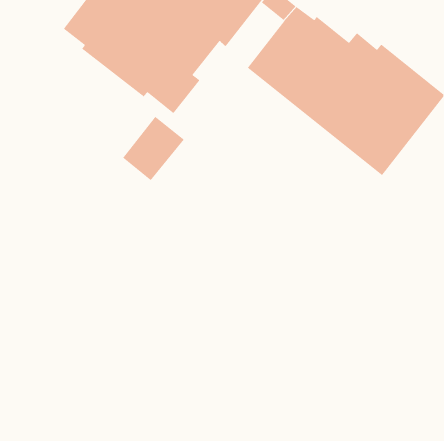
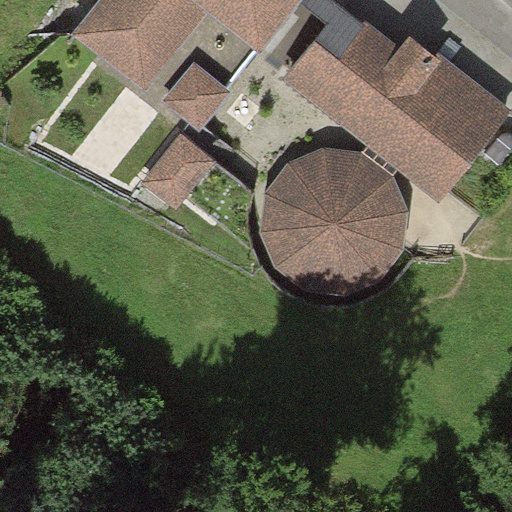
building: none -> [259,146,407,293]

